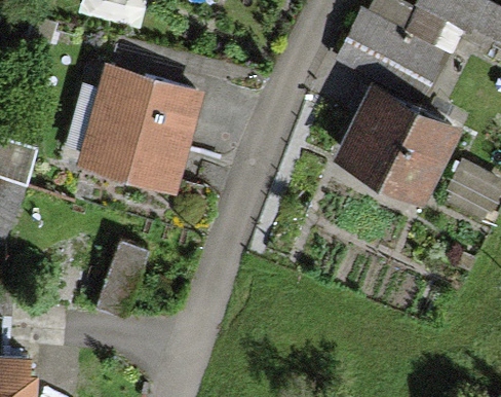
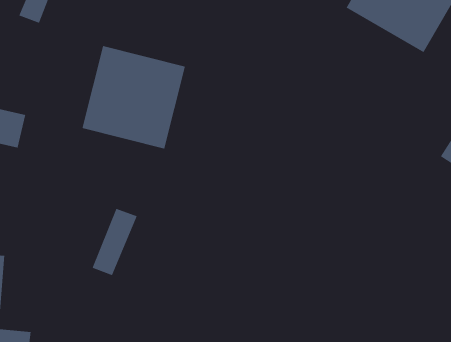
building: [344,96,452,195] -> none

